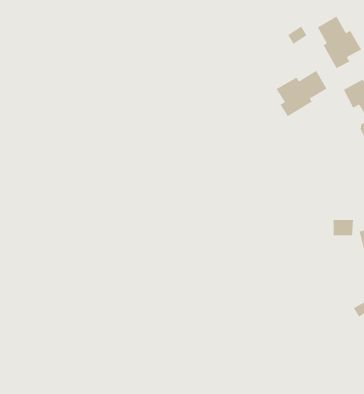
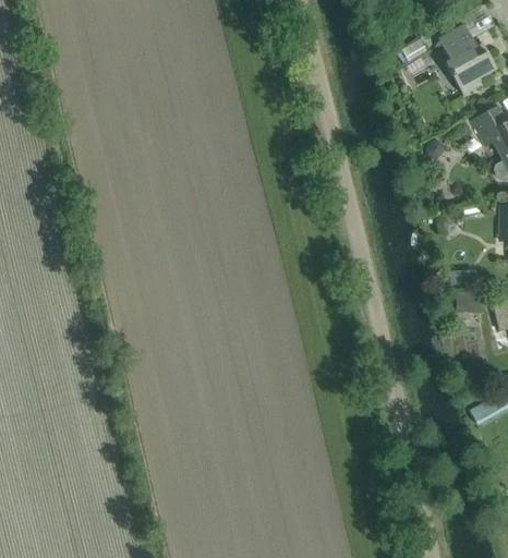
building: [276,70,328,117] -> none

